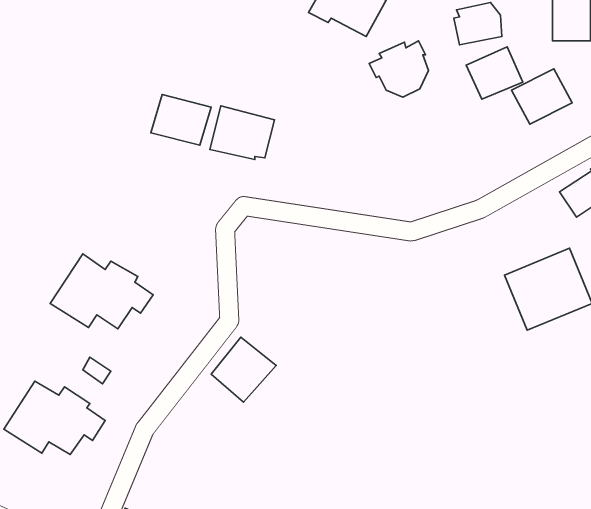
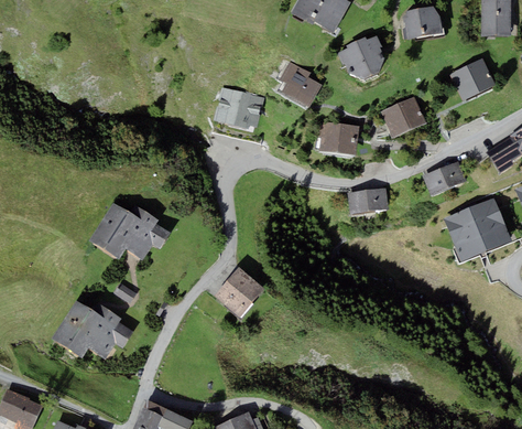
building: [466,47,523,99] -> [381,96,425,137]
building: none -> [279,62,320,107]
building: [151,94,211,145] -> none
building: none -> [319,121,358,154]
building: none -> [422,161,466,195]
building: none -> [346,187,388,213]

